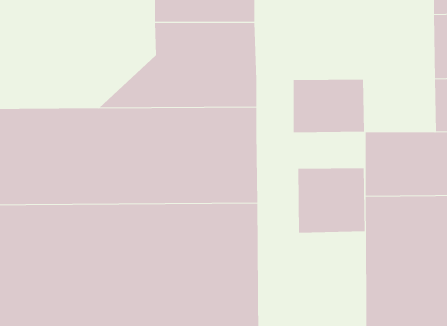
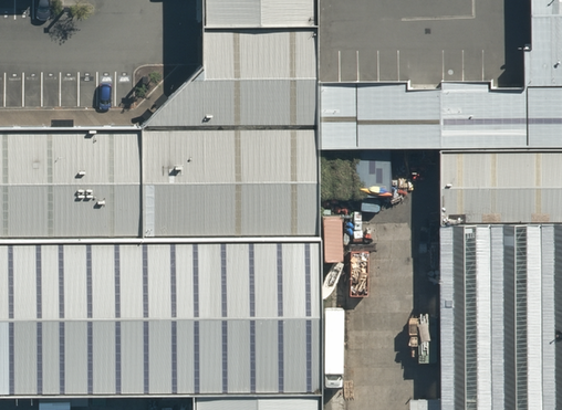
building: none -> [443,94,524,155]
building: none -> [320,95,361,156]
building: [298,167,365,233] -> none

